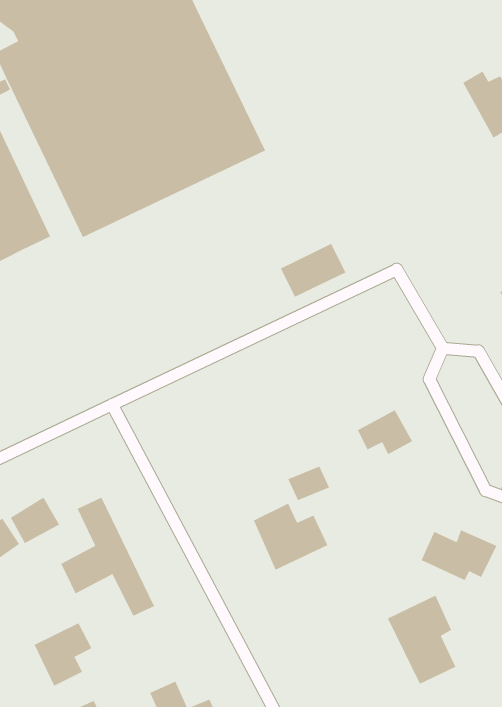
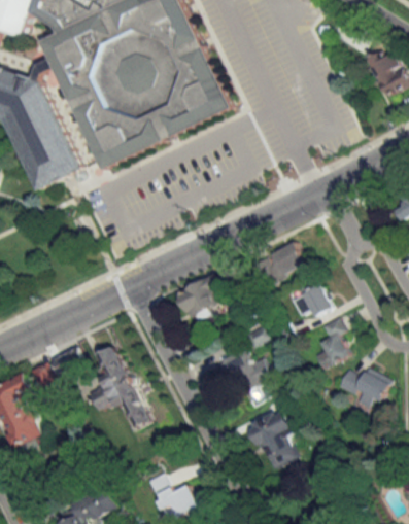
building: [280,243,346,298] -> [258,244,304,282]
building: none -> [176,278,219,324]
building: none -> [312,318,345,369]
building: [387,594,457,685] -> [248,408,297,470]
building: [34,622,92,687] -> none

